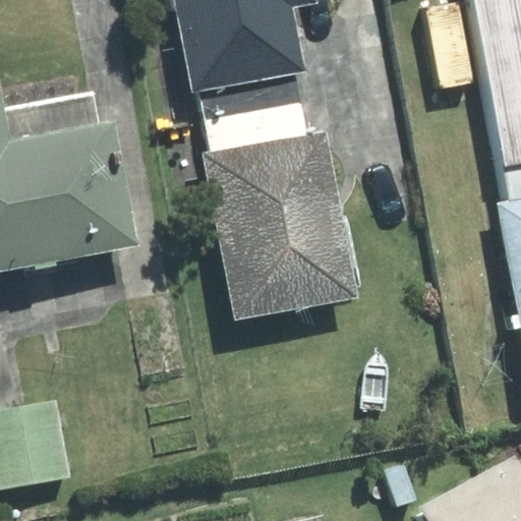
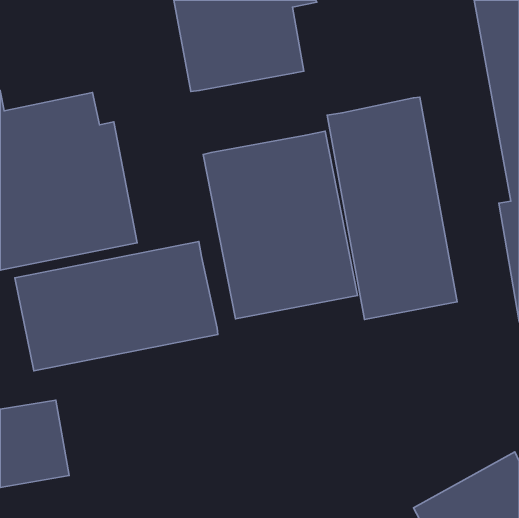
building: [199,74,306,154] -> none
building: none -> [327,97,457,320]
building: none -> [15,242,218,371]

